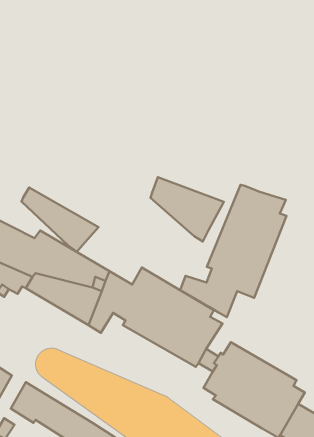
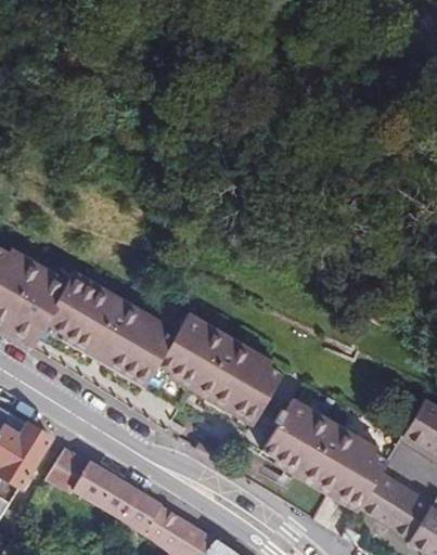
building: [151,177,224,241] -> none
building: [180,185,287,317] -> none
building: [22,187,98,252] -> none

